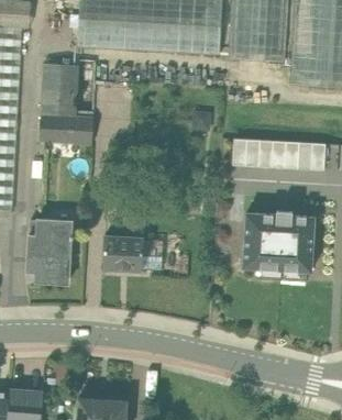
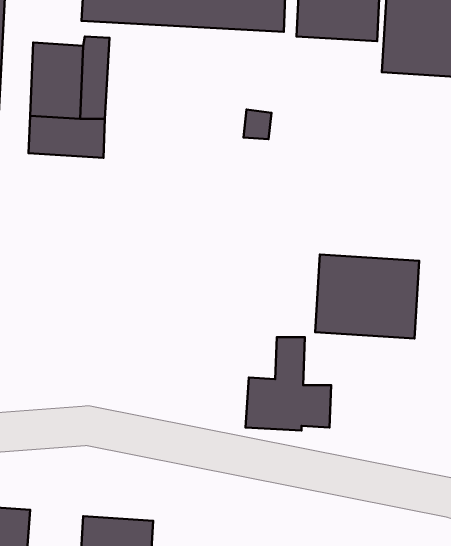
building: [232,139,327,169] -> none
building: [102,206,163,272] -> [246,337,331,430]
building: [27,219,75,283] -> none

